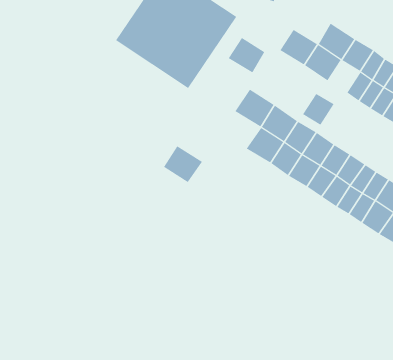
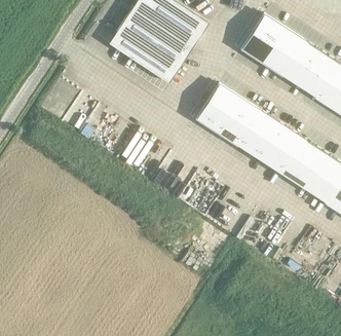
building: [228,37,265,73] -> [256,16,287,46]
building: [302,93,335,125] -> [285,60,311,86]
building: [163,146,203,183] -> [196,102,229,133]

